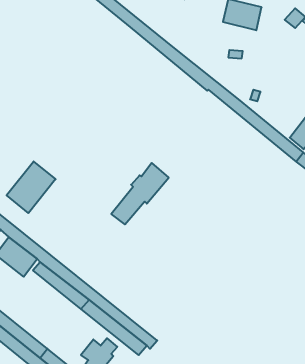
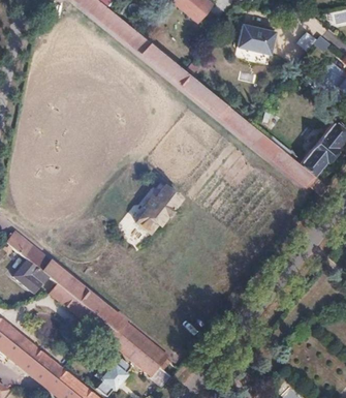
building: [7,161,56,213] -> none

